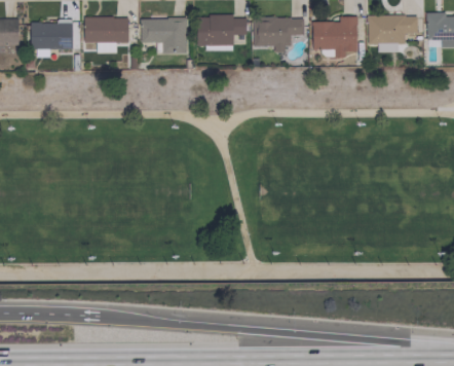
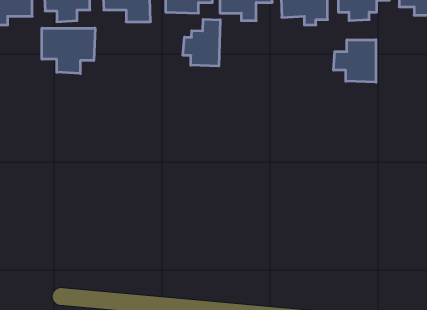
building: none -> [183,19,220,66]
building: none -> [42,28,95,74]
building: none -> [334,40,376,82]

